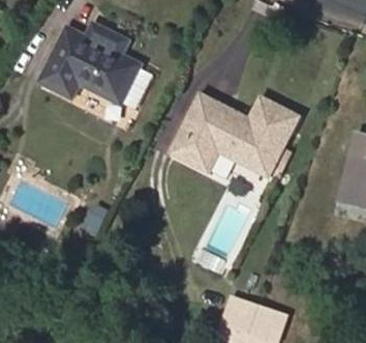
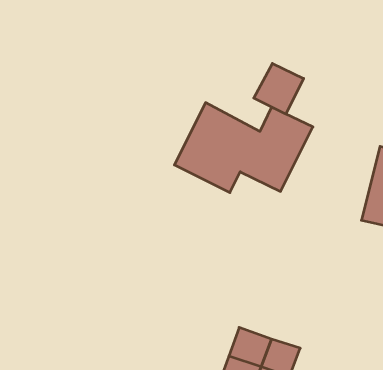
building: [42,20,153,108] -> none
building: none -> [254,63,304,114]

